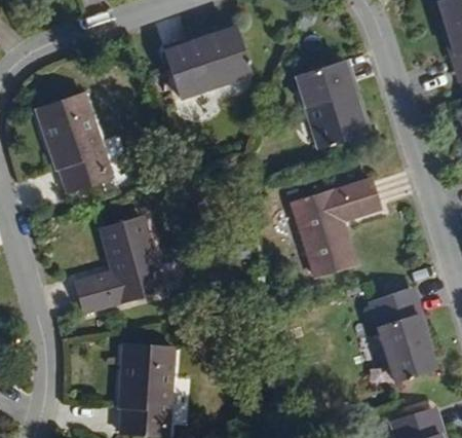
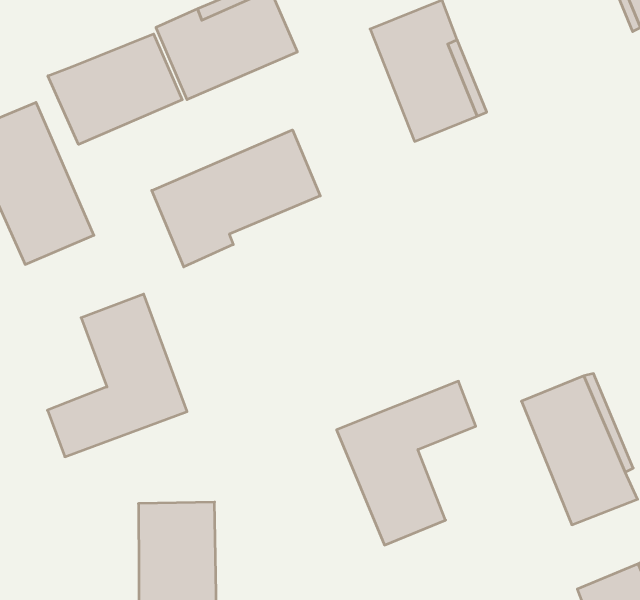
building: none -> [48,34,182,144]
building: none -> [152,130,320,267]
building: [285,179,372,277] -> [337,381,476,545]

